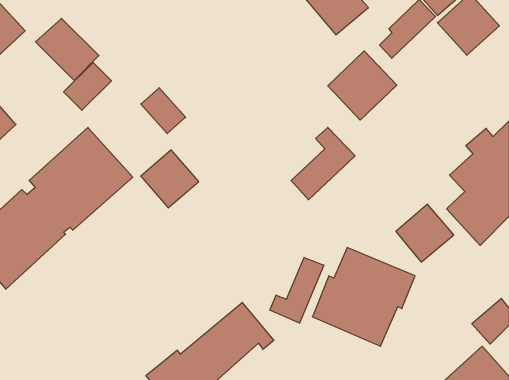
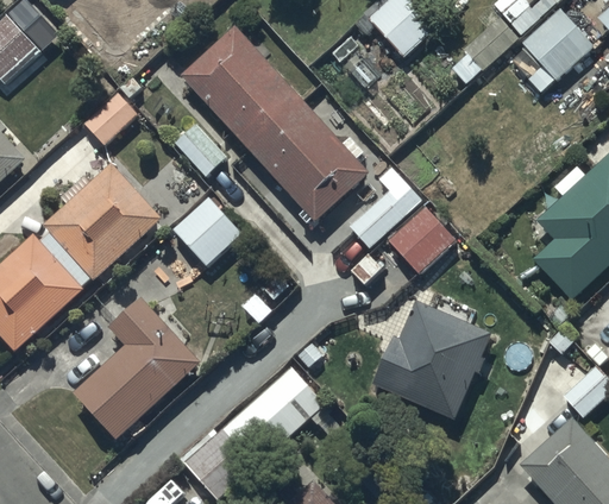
building: none -> [182,26,370,223]
building: [36,18,99,80] -> none
building: [328,51,397,120] -> none
building: [396,204,454,262] -> [389,204,457,272]
building: none -> [73,298,202,441]
building: [270,257,324,323] -> none

